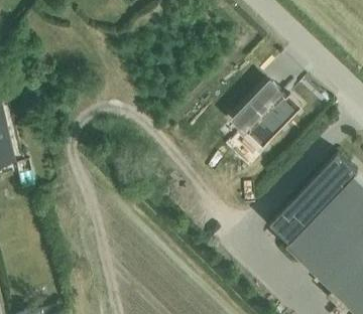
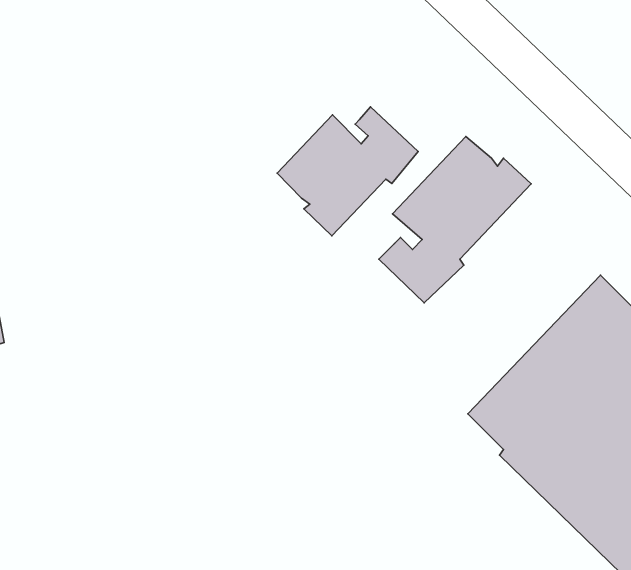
building: none -> [277,107,418,236]

